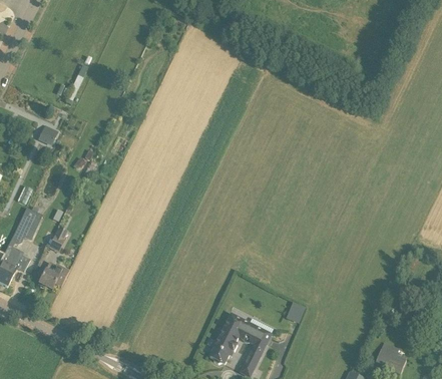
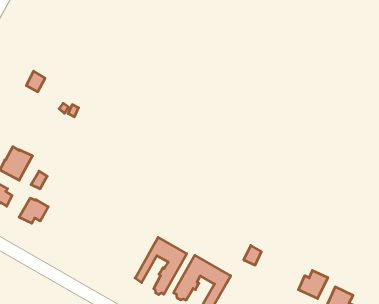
building: none -> [135,237,187,295]
building: none -> [298,270,328,299]

